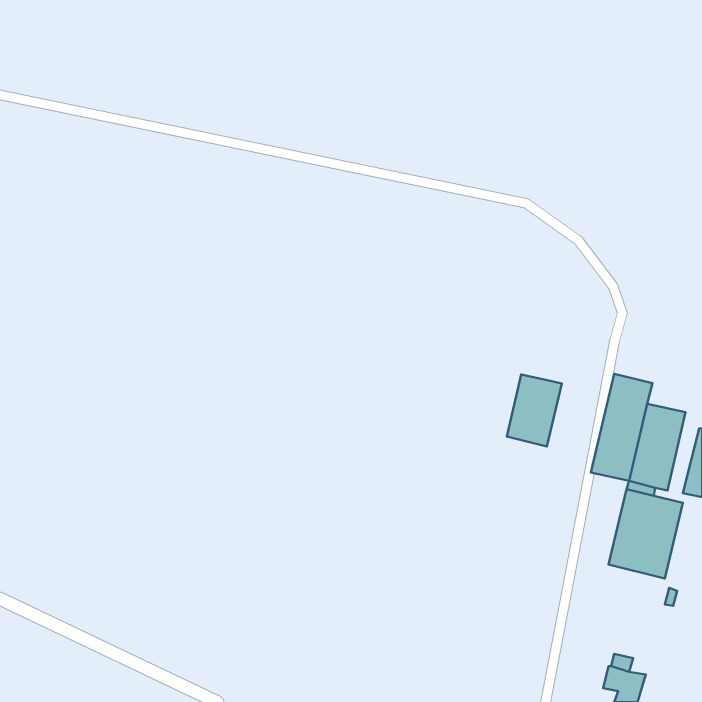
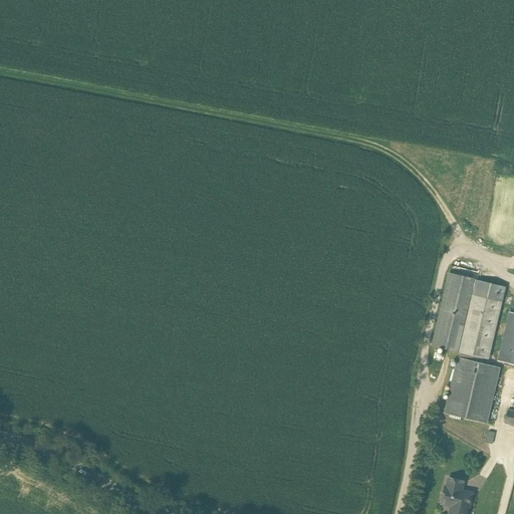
building: [507,375,562,446] -> none
building: none -> [473,280,504,301]

